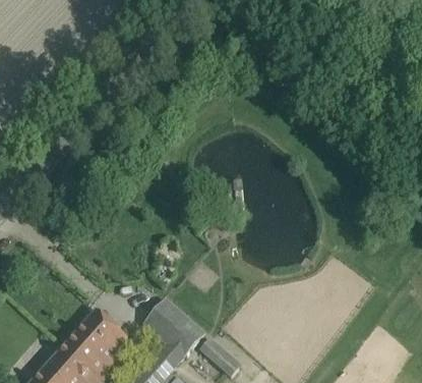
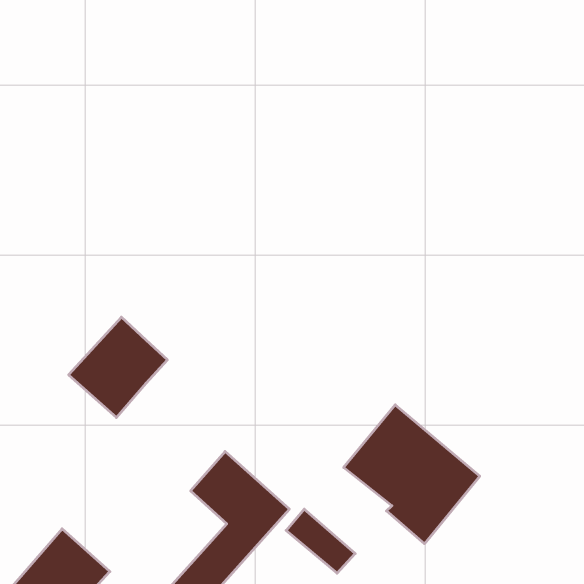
building: none -> [344,405,480,544]
building: [64,310,125,372] -> [69,317,167,418]

